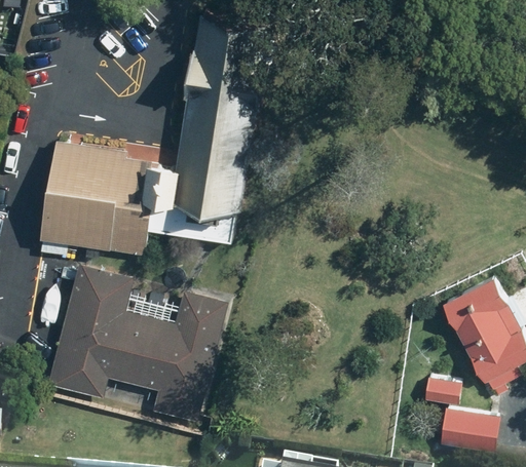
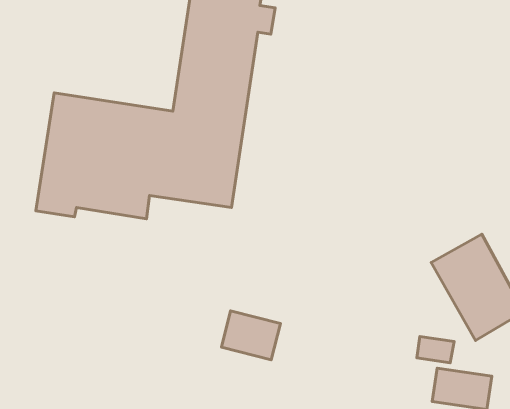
building: [46,266,226,422] -> none
building: none -> [222,311,280,360]

